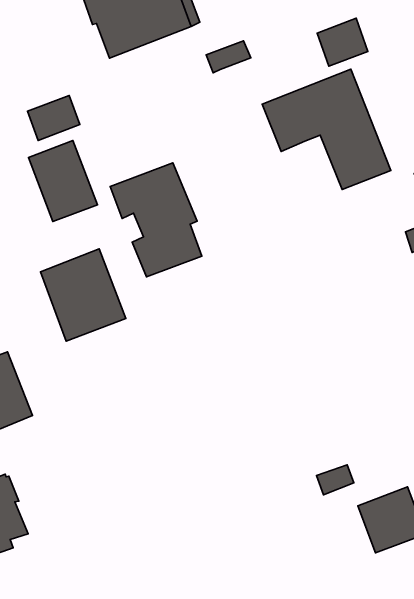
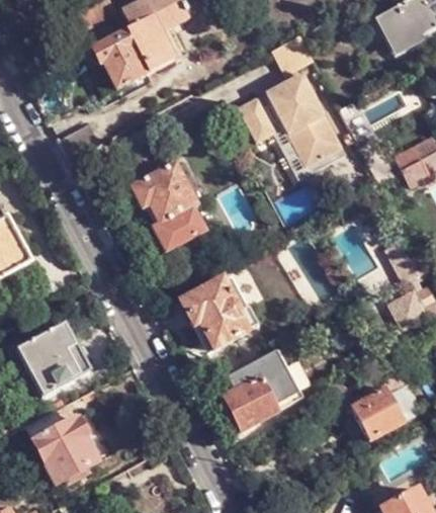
building: none -> [273,125,346,177]
building: [29,141,97,222] -> none
building: [41,249,126,341] -> [181,276,251,350]
building: none -> [225,351,299,428]

